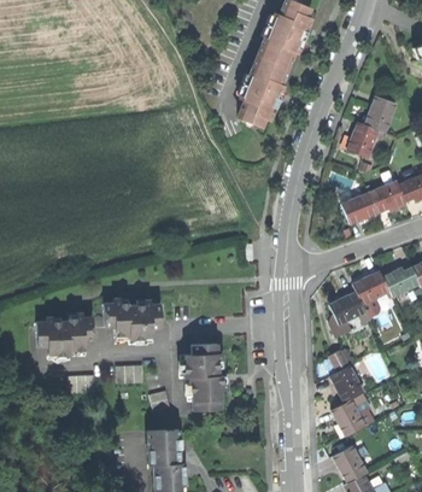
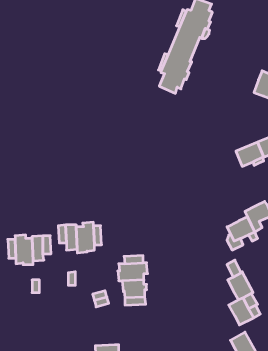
building: [347,123,379,158] -> none
building: [148,429,180,464] -> none

